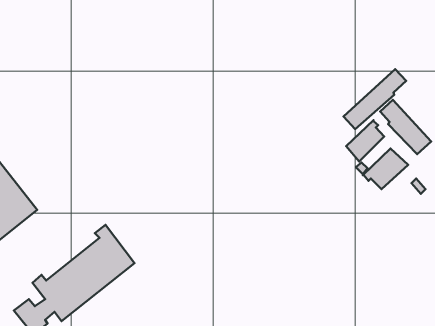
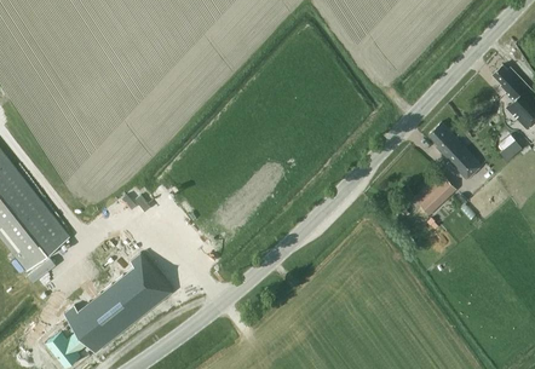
building: [343,69,406,129] -> none
building: [346,120,384,162] -> none

